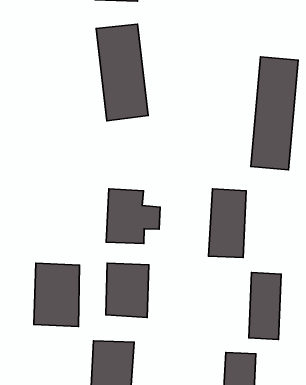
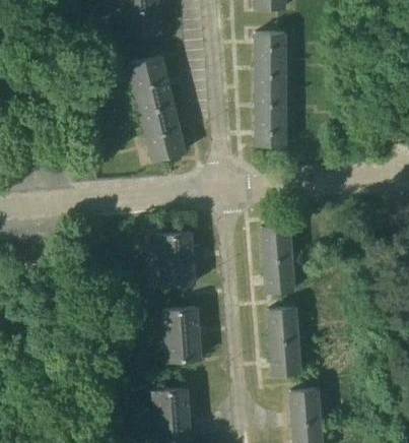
building: [251,57,298,170] -> [251,40,289,152]
building: [34,263,79,326] -> none
building: [249,273,281,340] -> [265,305,298,373]

